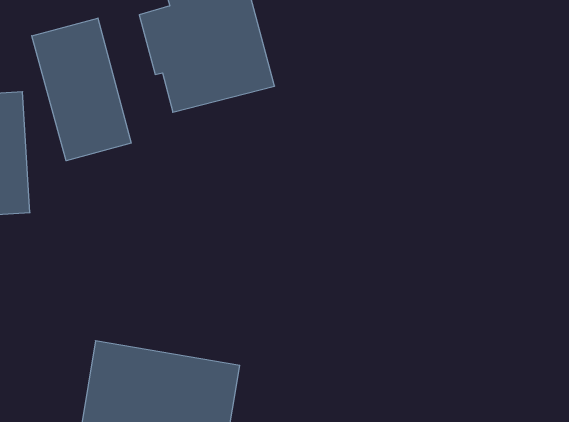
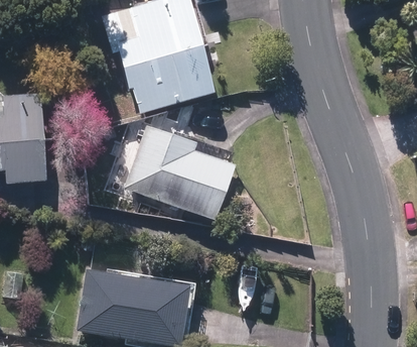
building: [32,18,131,161] -> none
building: none -> [125,130,232,220]

